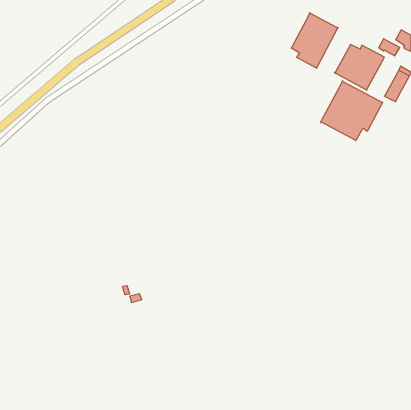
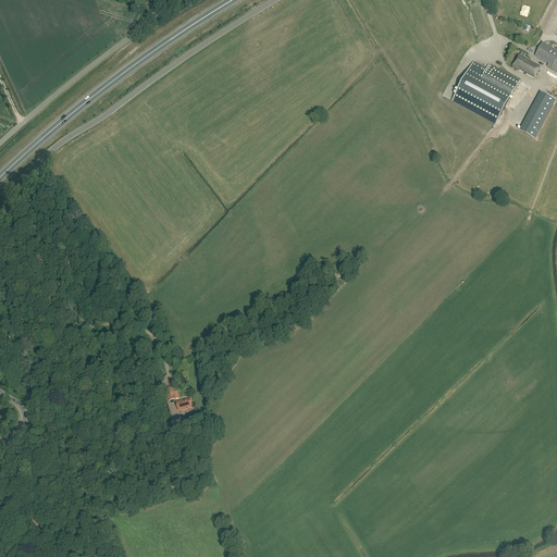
building: [291,13,338,68] -> none
building: [321,81,383,140] -> none

